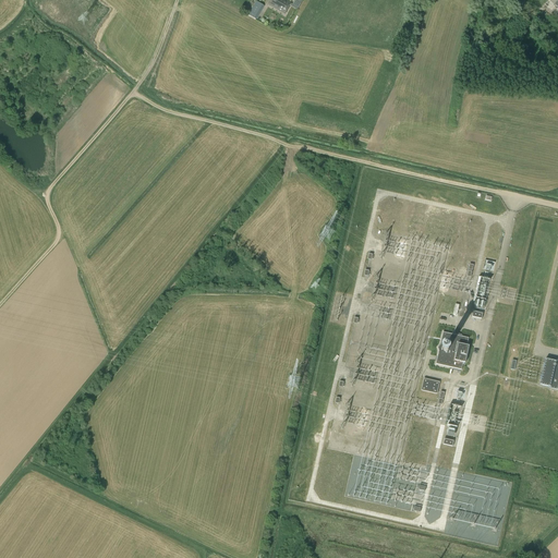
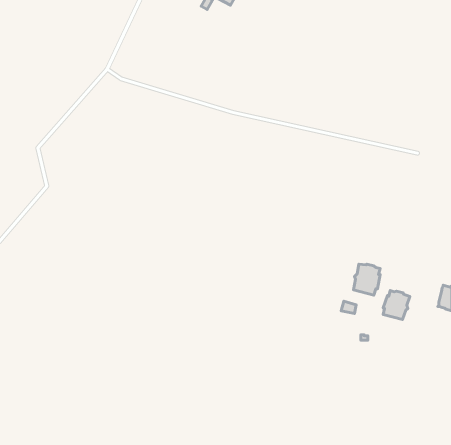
building: none -> [383,290,410,319]

